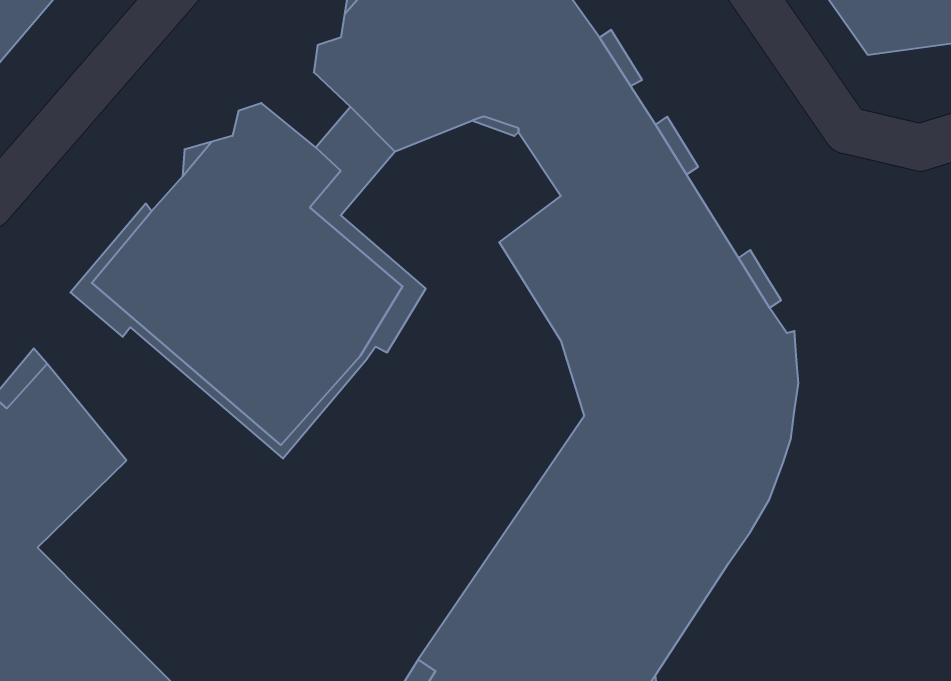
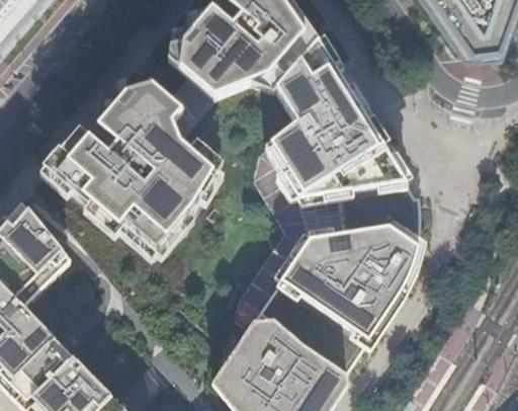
building: none -> [234,147,310,327]

